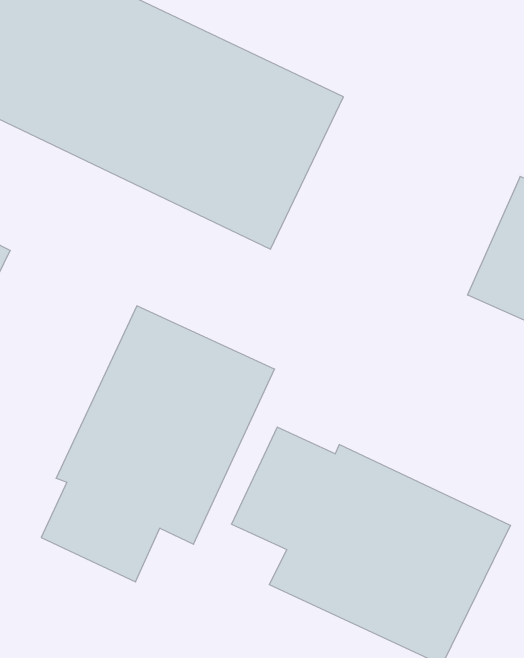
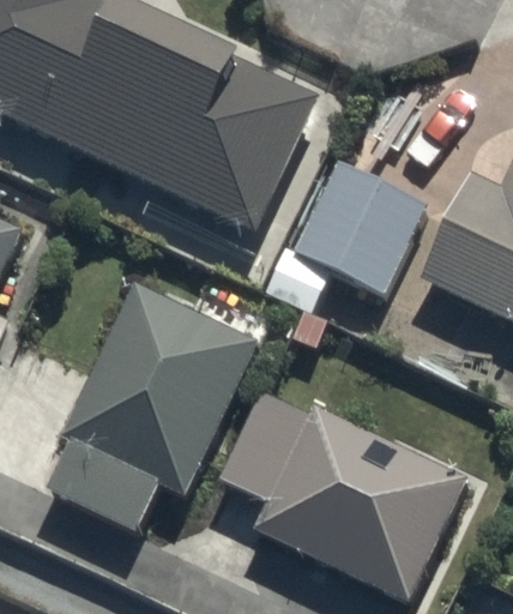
building: none -> [261,159,426,314]

